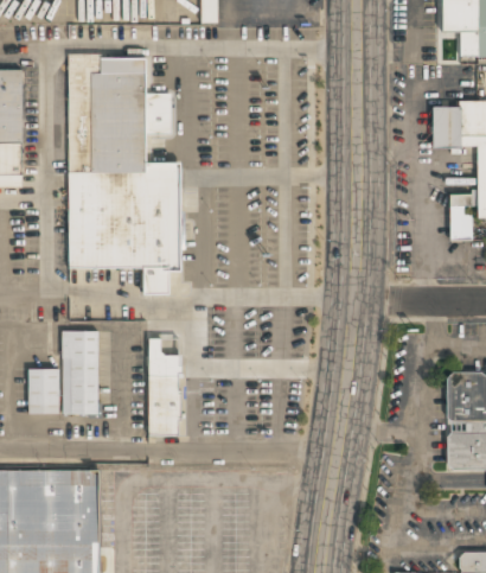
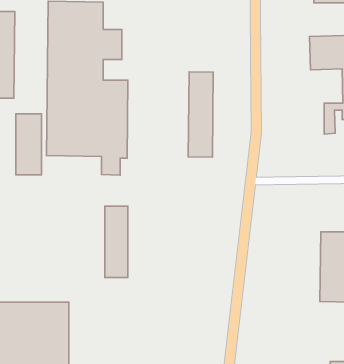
building: none -> [188,72,213,157]
building: [63,331,98,415] -> [16,114,42,175]
building: [28,371,57,414] -> none

